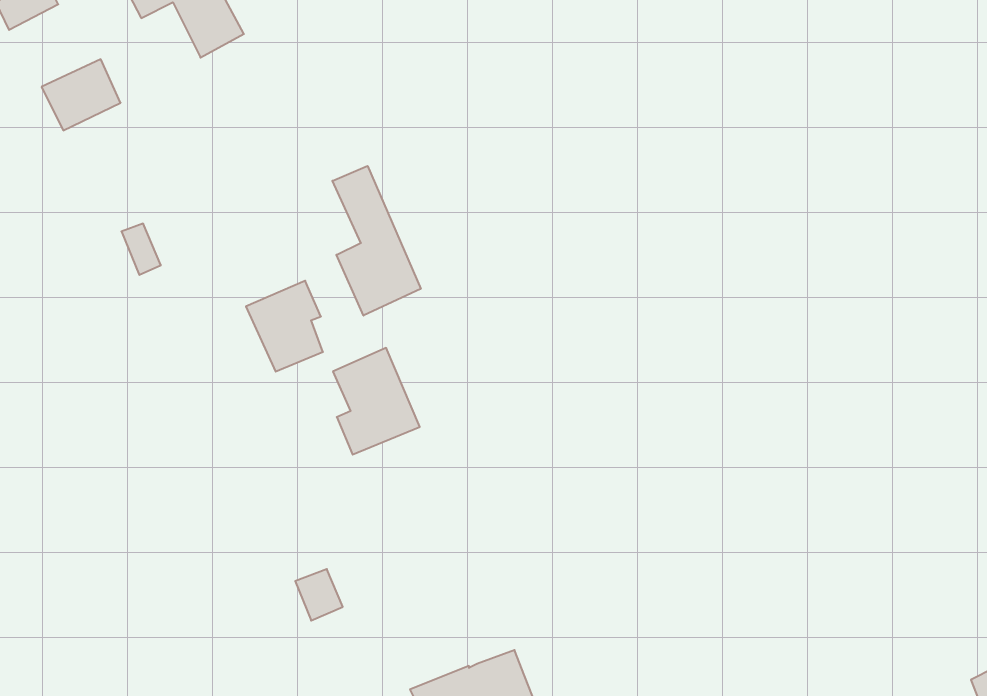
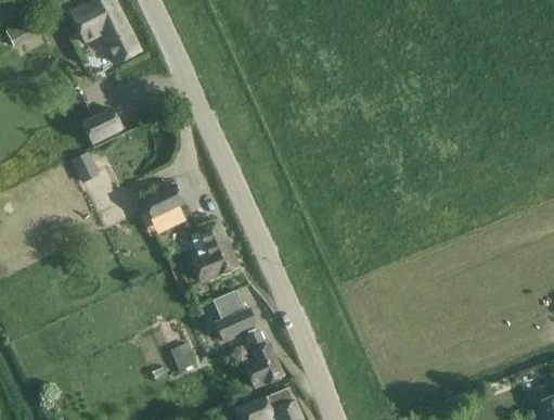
building: [42,59,121,130] -> [79,107,123,147]
building: [332,166,421,316] -> none
building: none -> [212,290,283,389]

